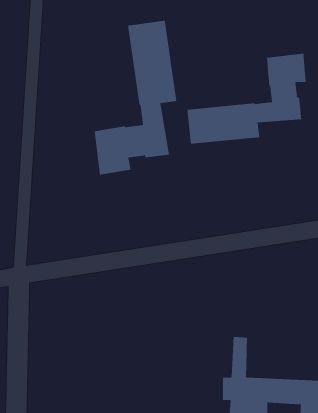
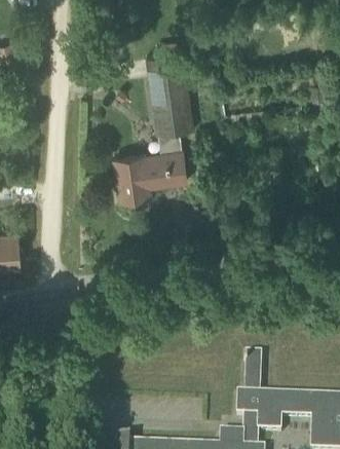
building: [187,53,306,145] -> none

